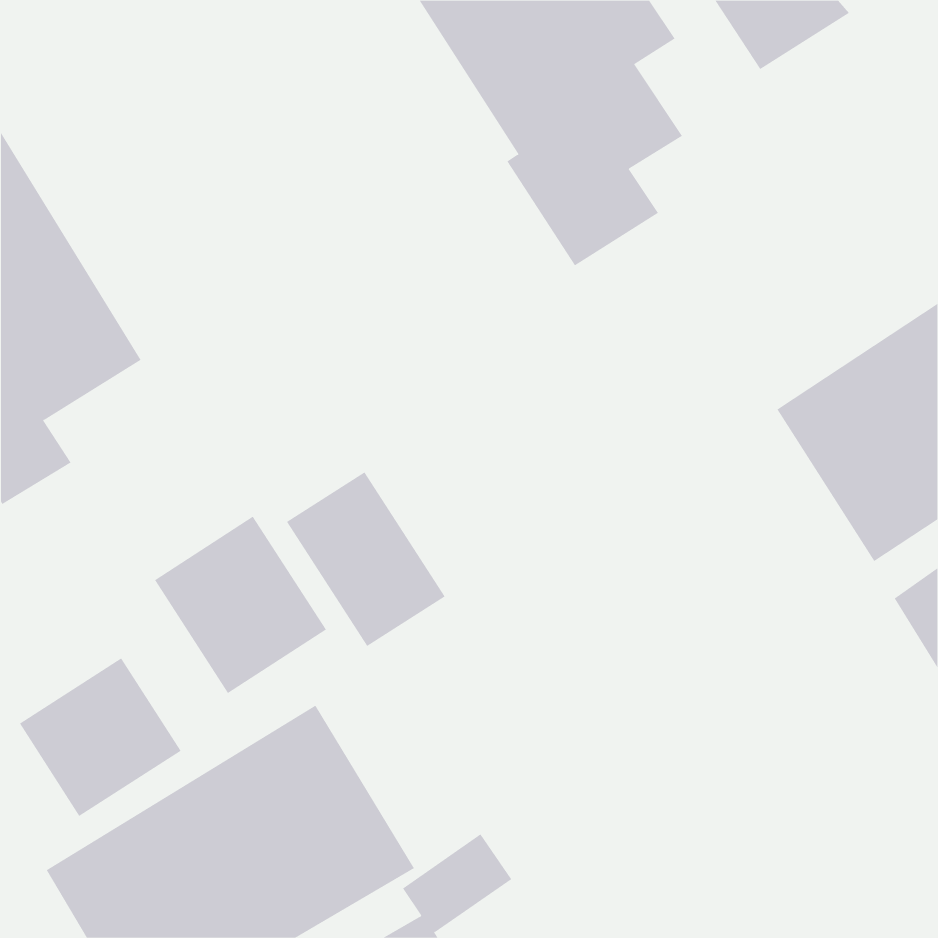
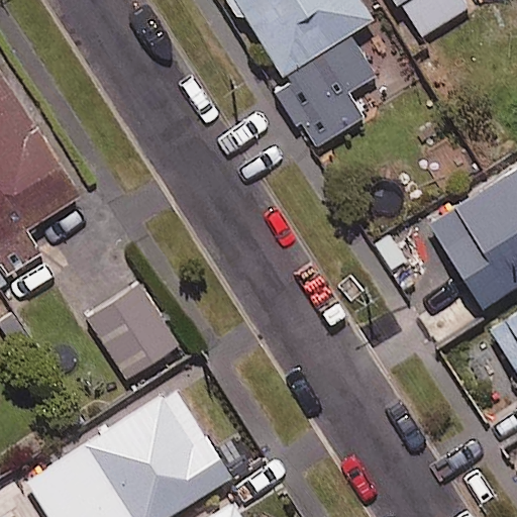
building: [286,471,445,647] -> none
building: [19,657,181,817] -> none

